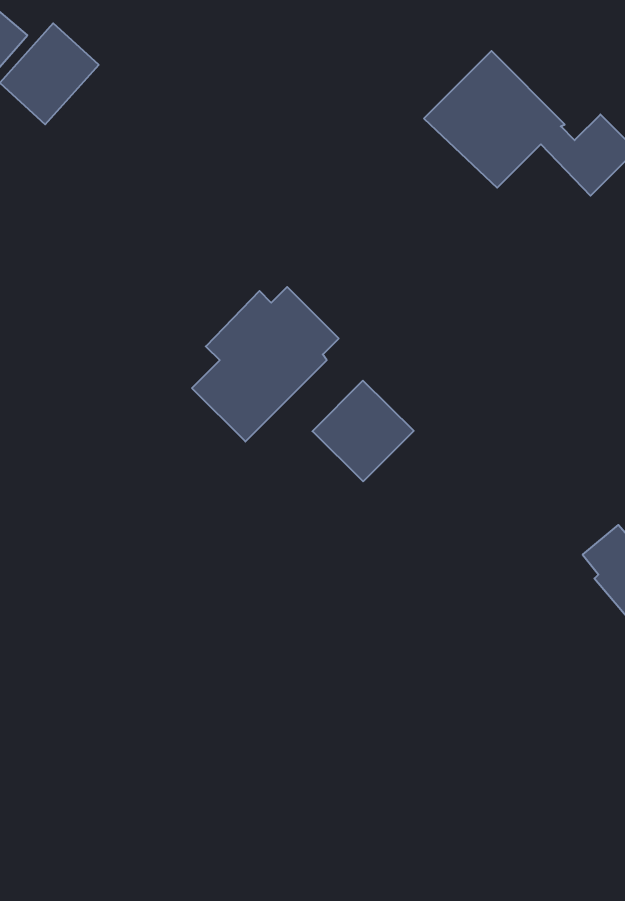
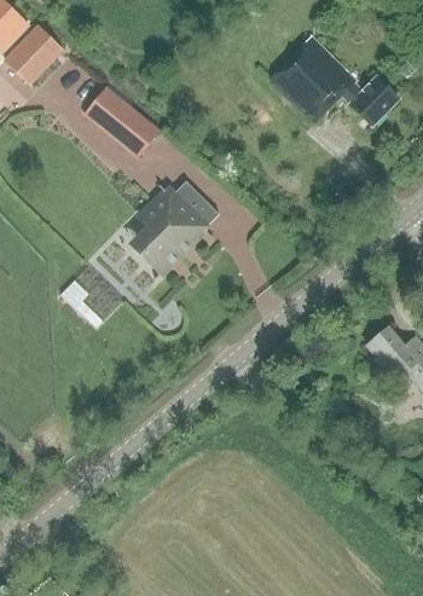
building: none -> [82,85,160,157]
building: [312,381,414,481] -> none

